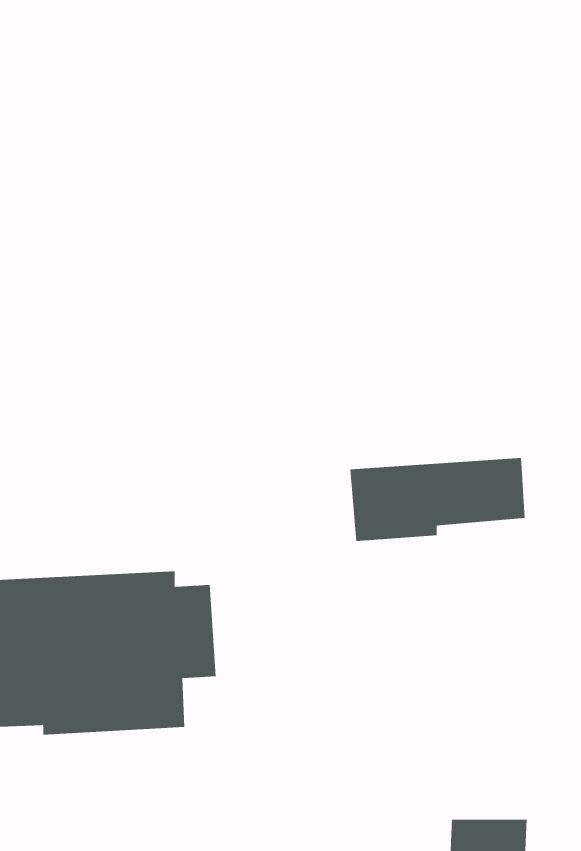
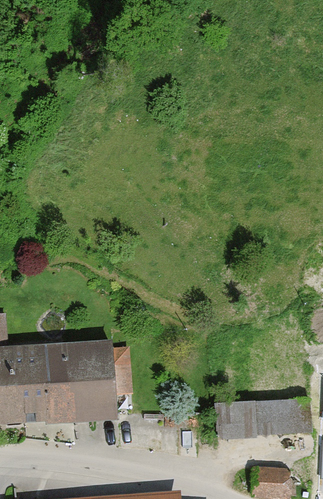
building: [350,457,526,541] -> [214,399,304,442]

